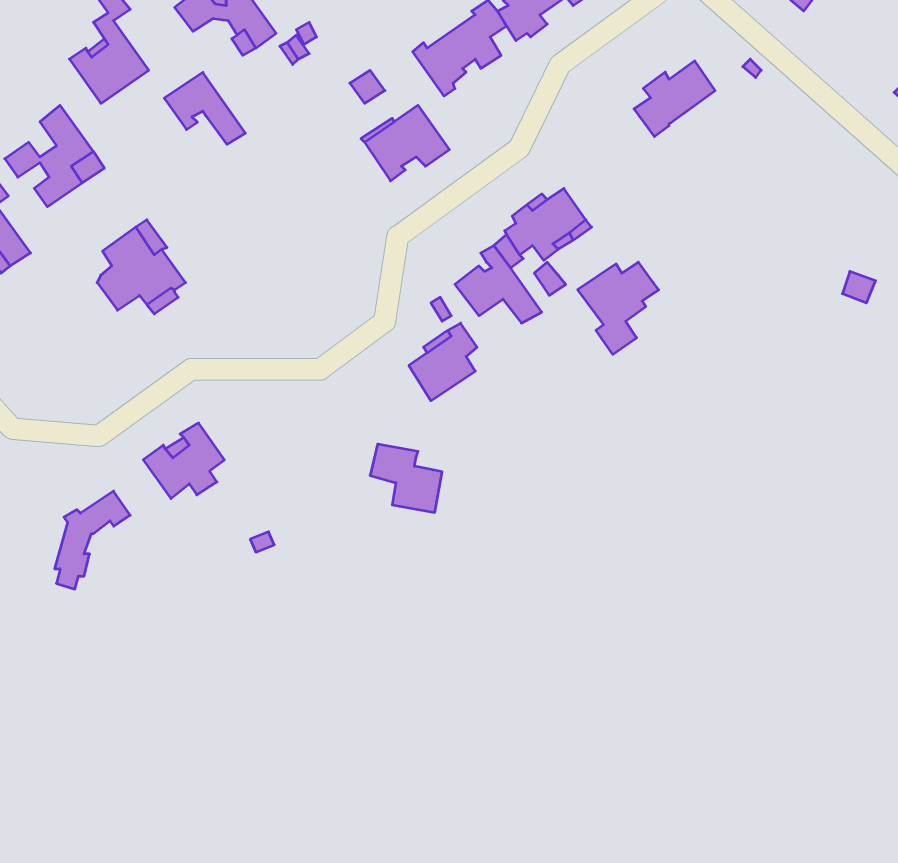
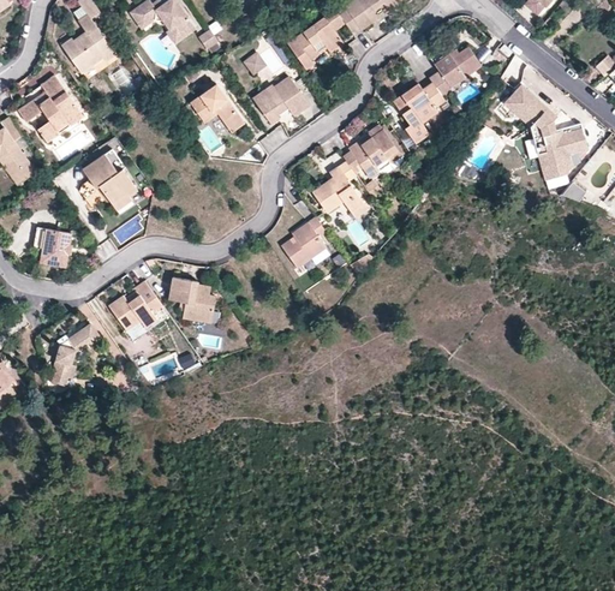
building: [164,72,245,144] -> [191,84,244,131]
building: none -> [502,82,587,180]
building: [578,262,659,354] -> [393,82,446,142]
building: none -> [32,227,71,267]
building: [370,444,442,512] -> [168,277,215,322]

